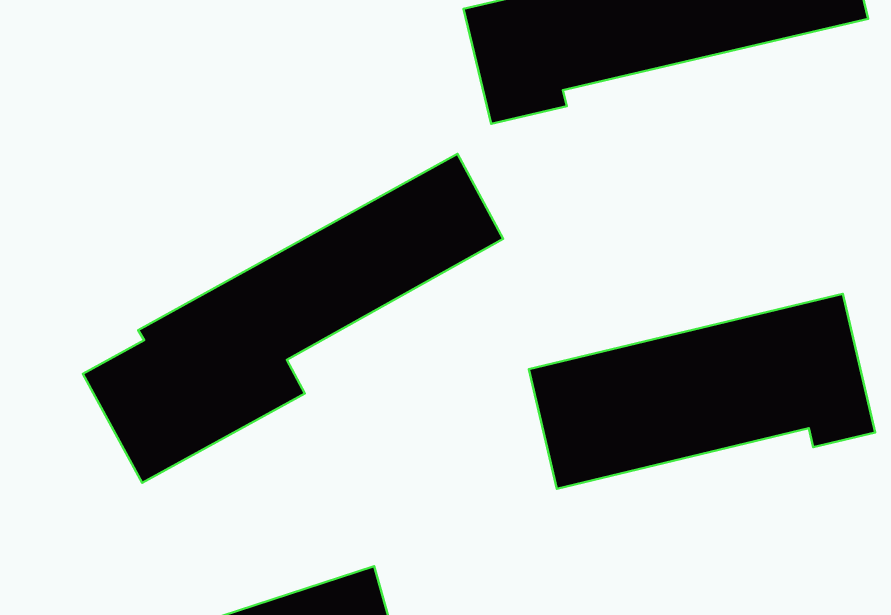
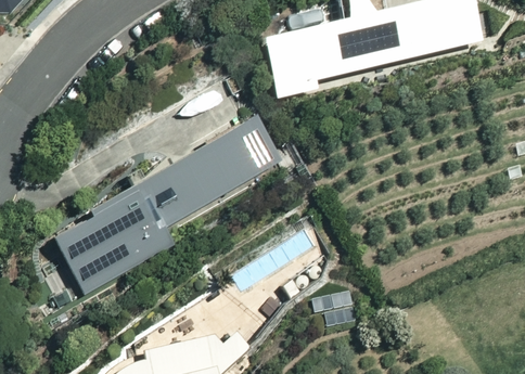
building: [529,294,875,489] -> none

